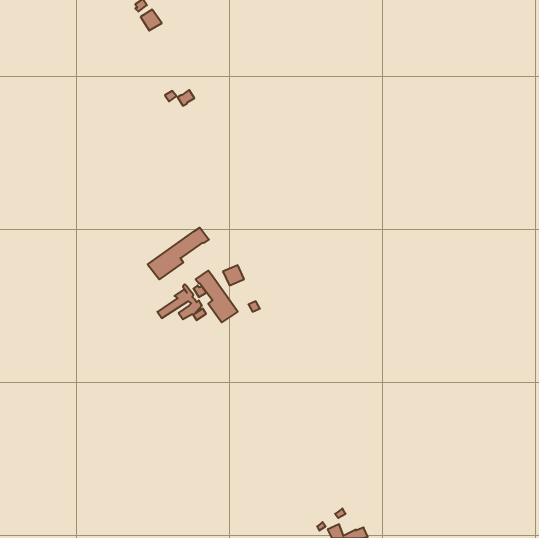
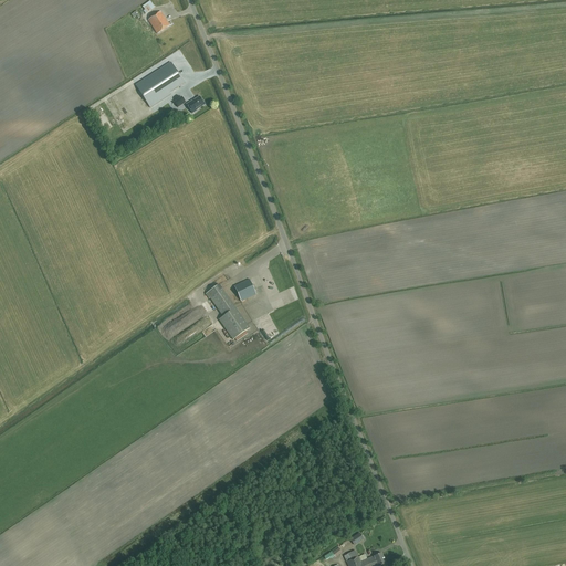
building: none -> [135,61,182,105]
building: [148,228,209,279] -> none

